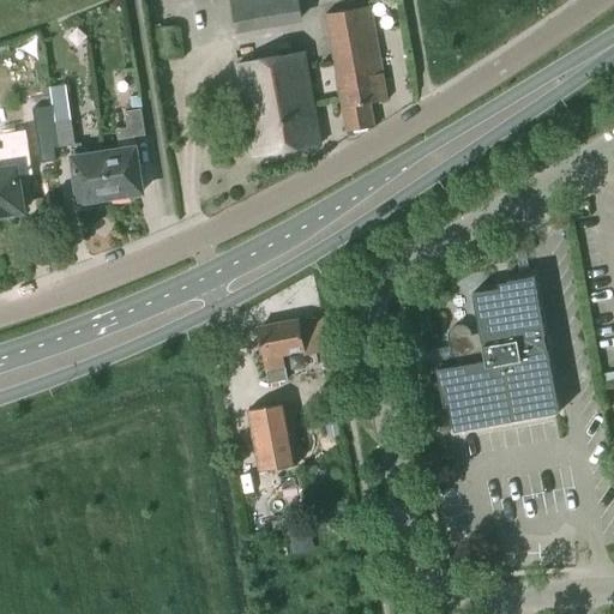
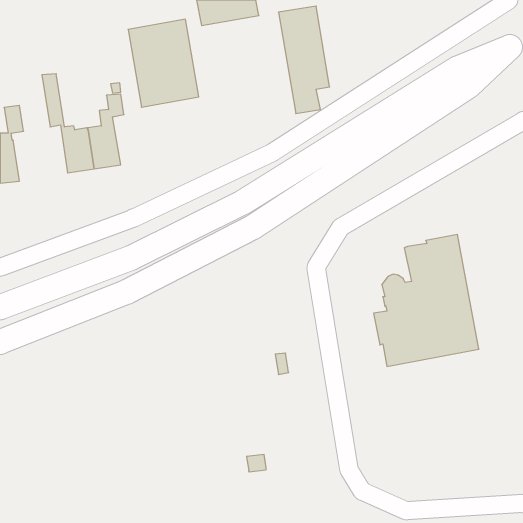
building: [237,54,320,157] -> [128,19,199,107]
building: [34,108,58,163] -> none
building: [259,320,329,384] -> none
building: [248,405,296,471] -> none

